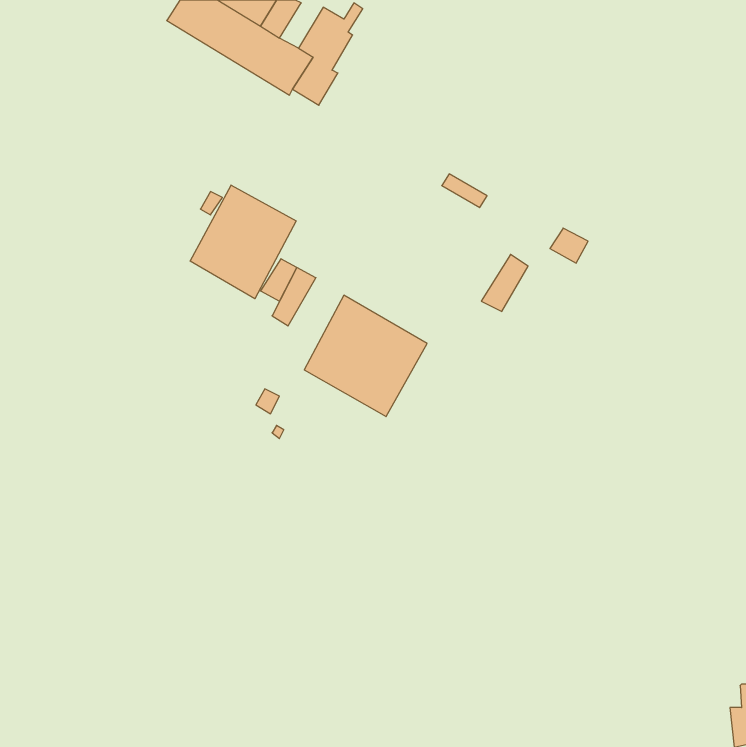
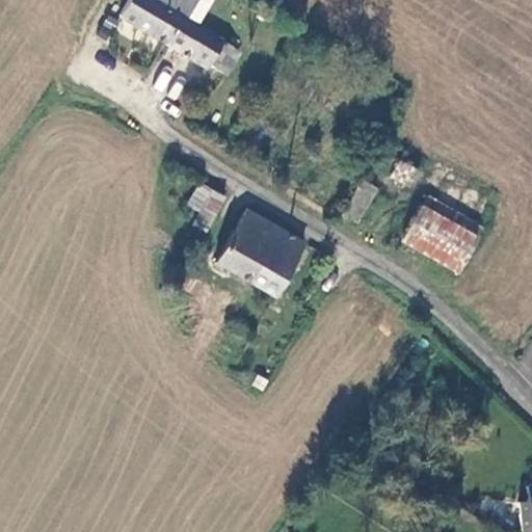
building: [190,185,296,299] -> none
building: none -> [403,196,481,269]

